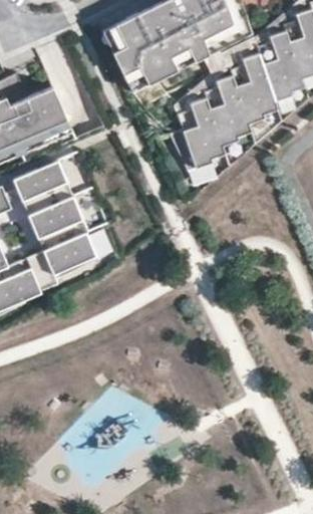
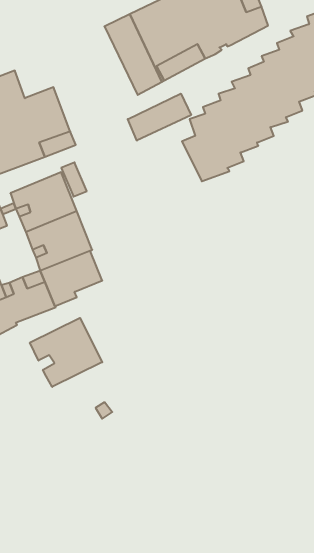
building: none -> [128,94,191,141]
building: none -> [30,318,102,387]

